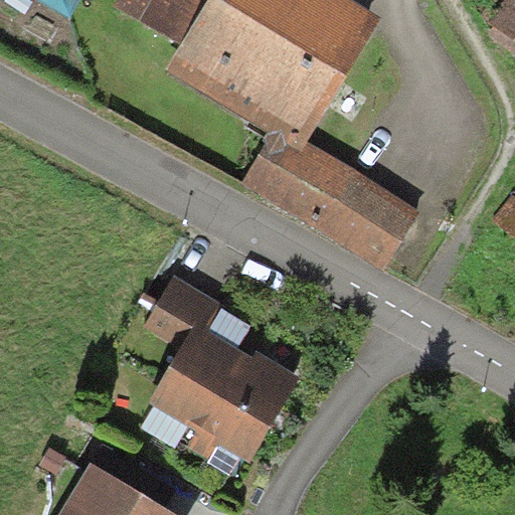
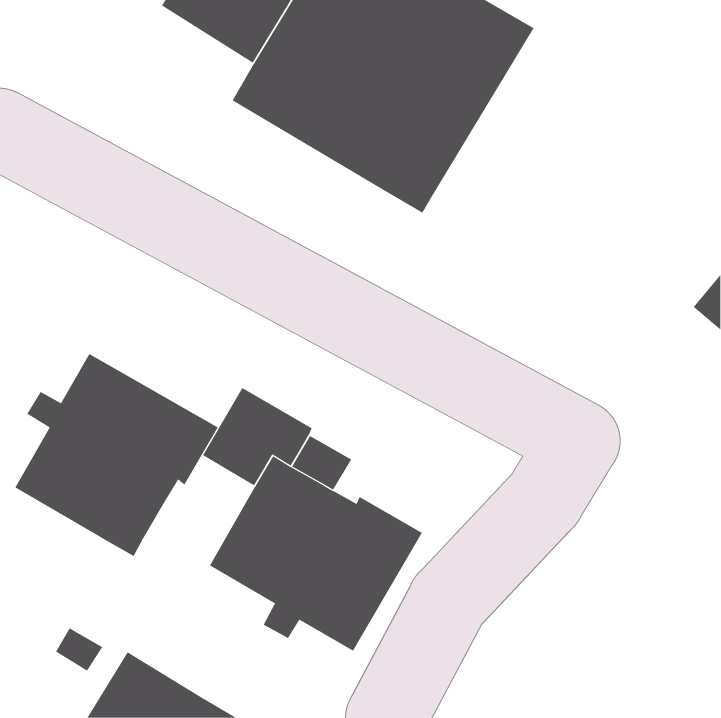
building: [241,135,418,269] -> none
building: none -> [15,353,218,557]

